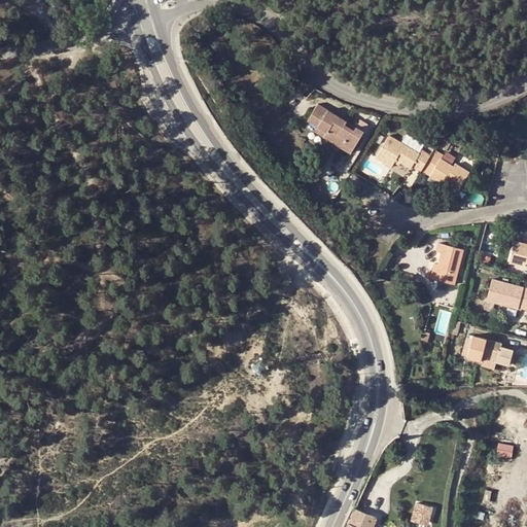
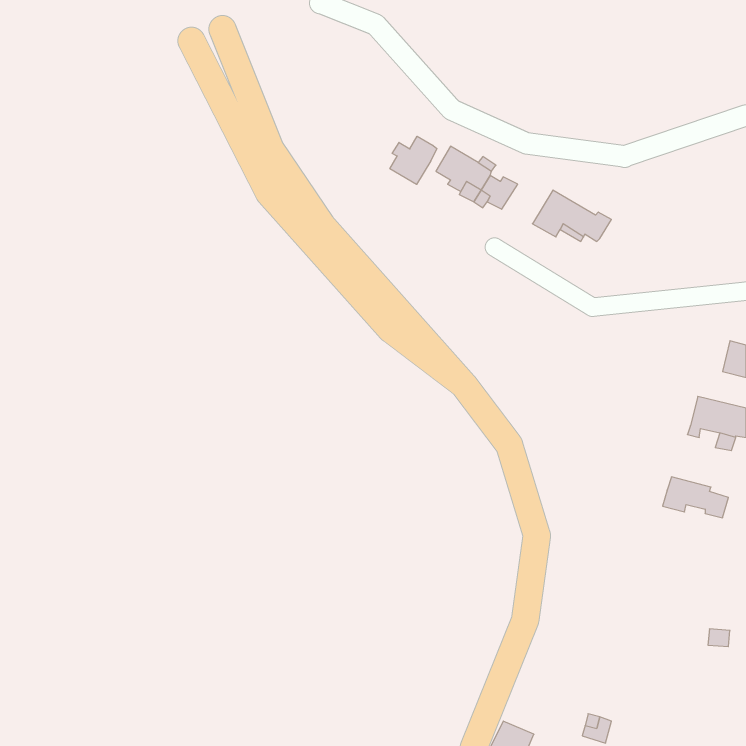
building: none -> [390,136,437,184]
building: [422,150,469,189] -> none
building: [433,243,462,284] -> none

